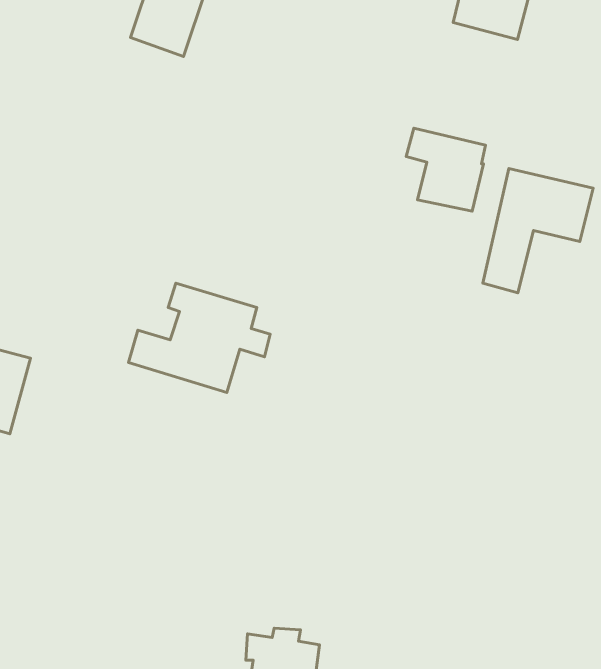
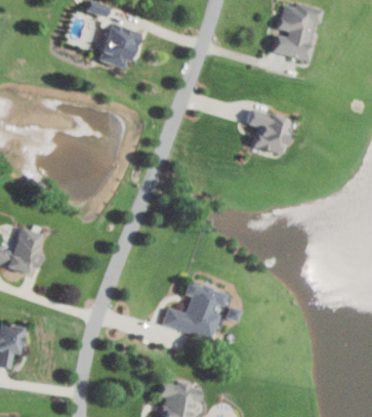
building: [483,168,593,293] -> none
building: [129,283,270,393] -> [163,282,240,341]

